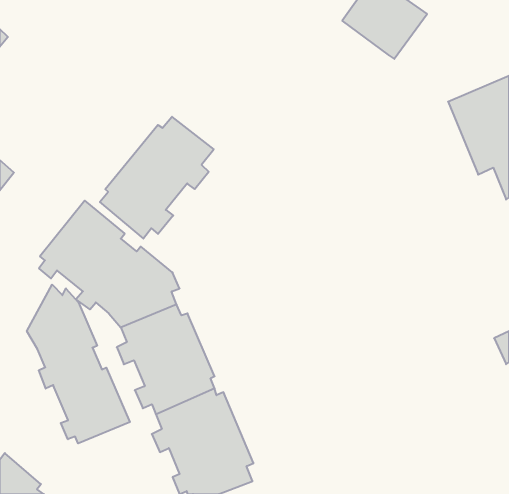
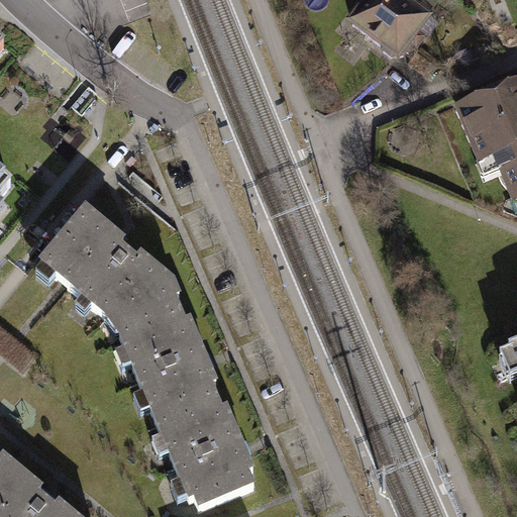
building: [100,117,214,239] -> none
building: [27,285,130,443] -> none

